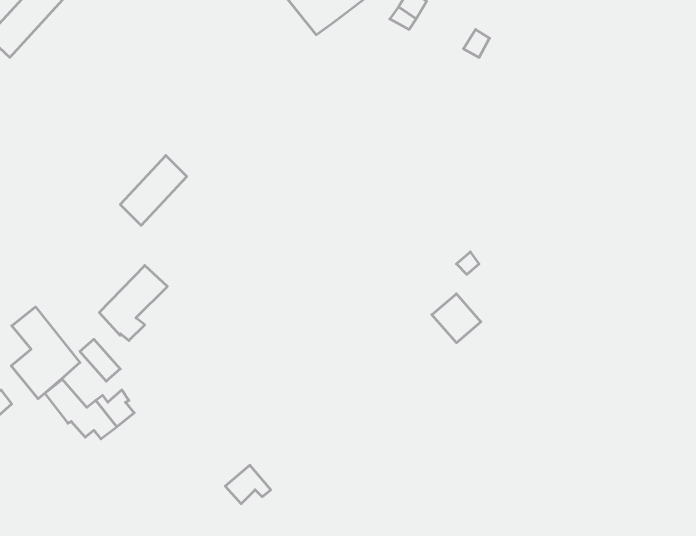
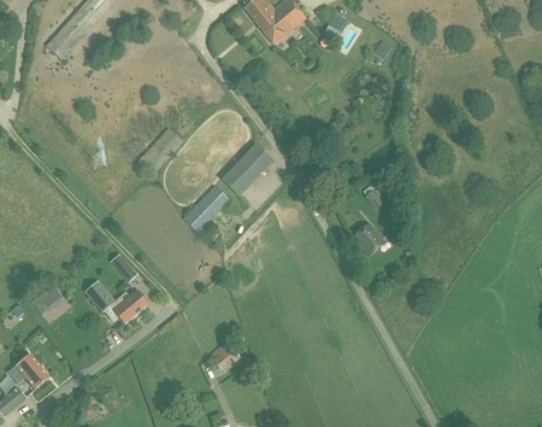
building: none -> [222,144,272,195]
building: [99,265,167,341] -> [183,185,230,236]
building: [11,307,80,399] -> none

